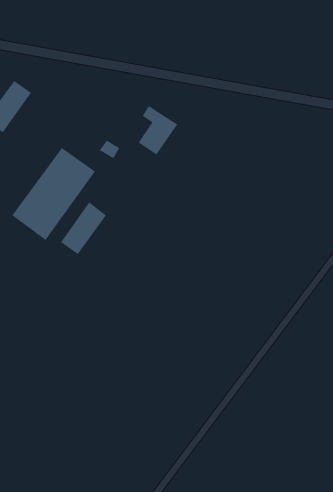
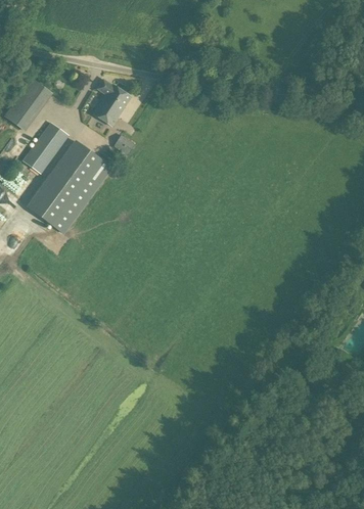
building: [138,105,178,155] -> [92,79,131,127]
building: [60,202,107,255] -> [22,123,67,174]

